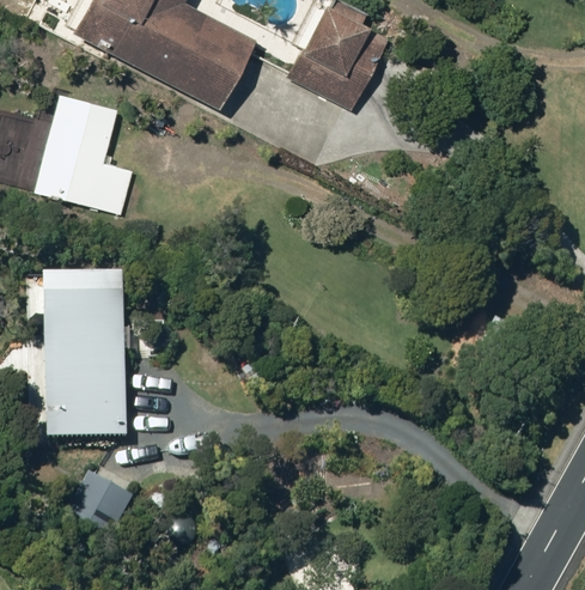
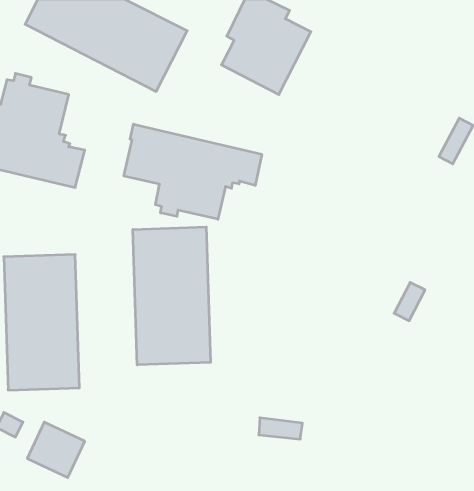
building: none -> [124,124,262,219]
building: none -> [133,227,211,365]

